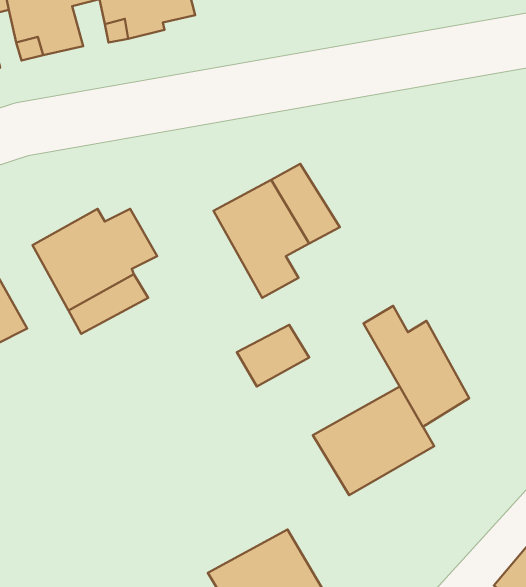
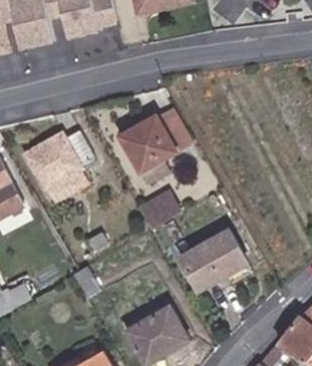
building: [364,306,469,427] -> none

